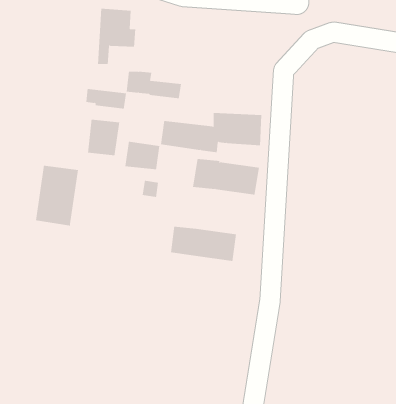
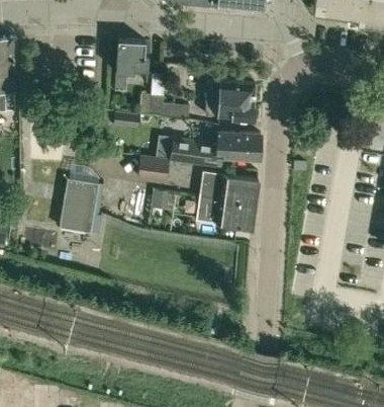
building: none -> [205,82,255,119]
building: [87,119,120,156] -> none
building: [170,226,237,262] -> [195,197,254,229]

